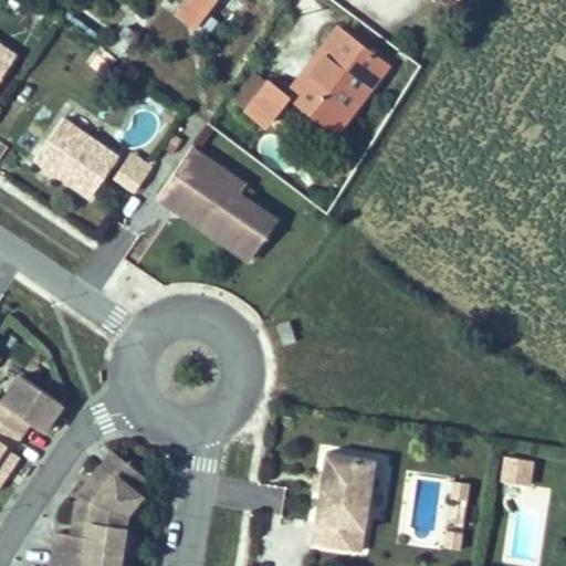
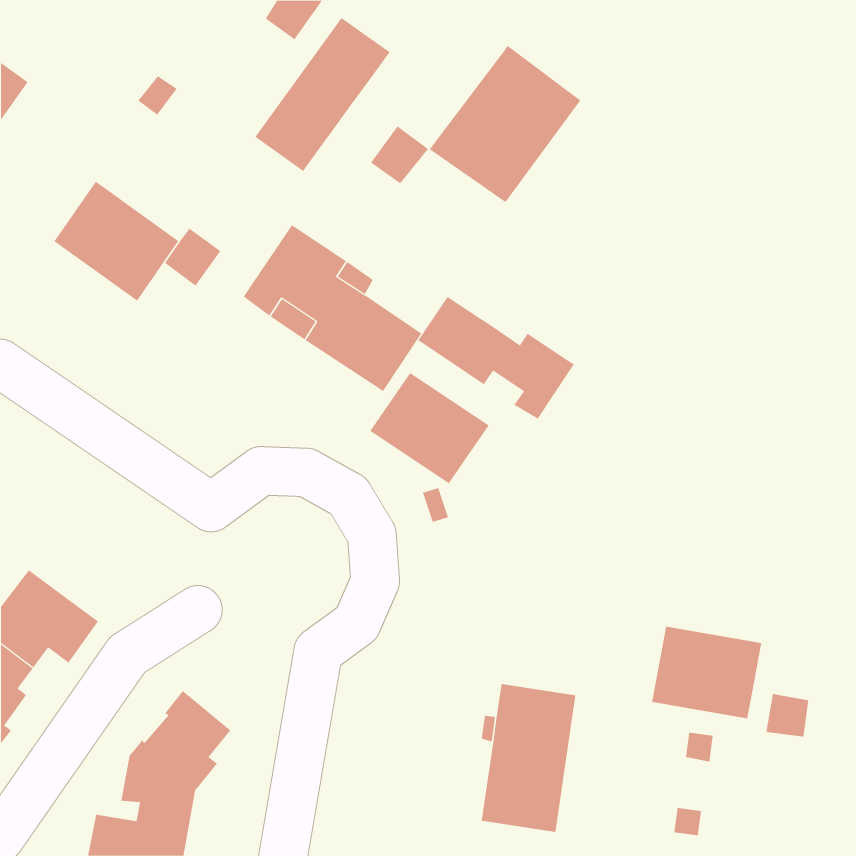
building: none -> [254,17,391,172]
building: none -> [417,296,574,420]
building: none -> [369,372,489,484]
building: none -> [651,626,762,719]

